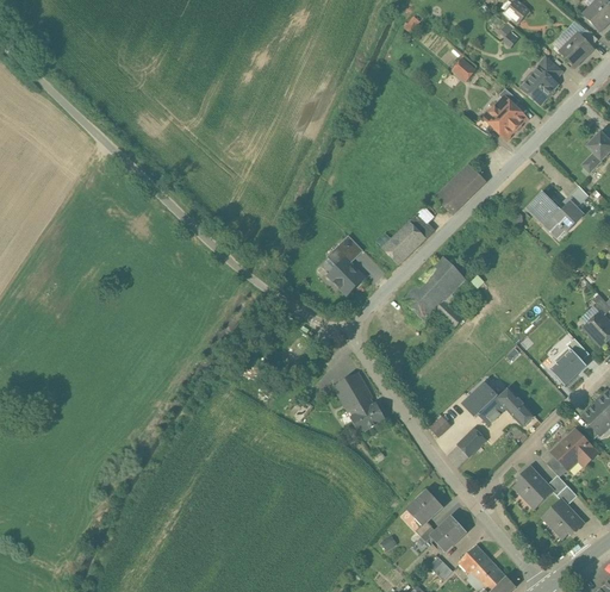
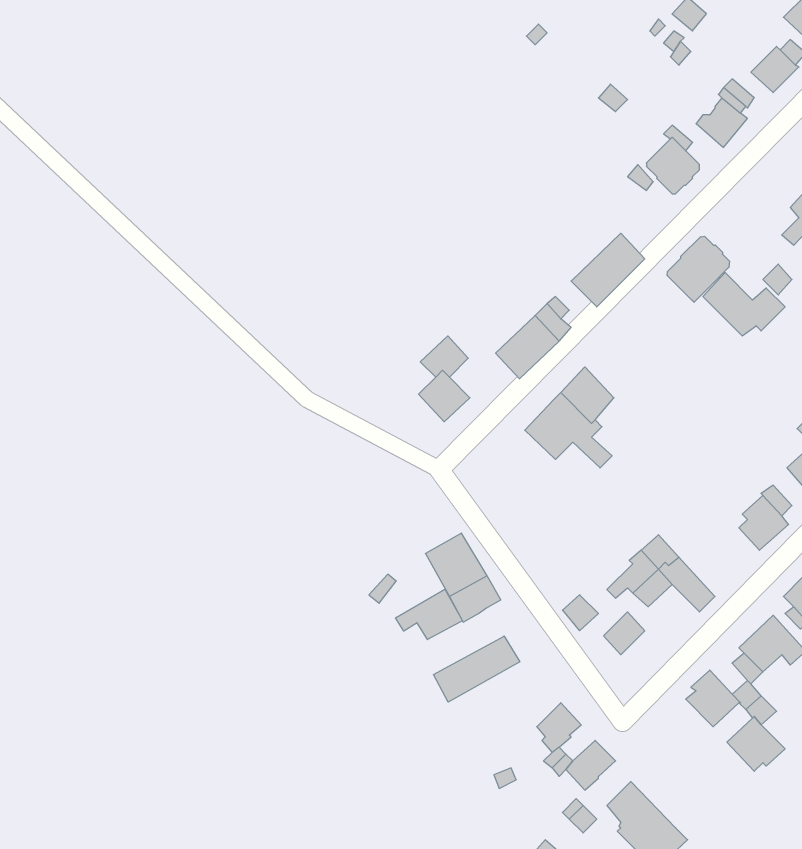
building: none -> [667,236,730,302]
building: none -> [396,589,462,640]
building: none -> [433,636,520,702]

